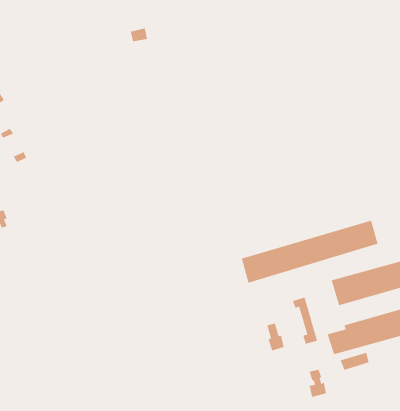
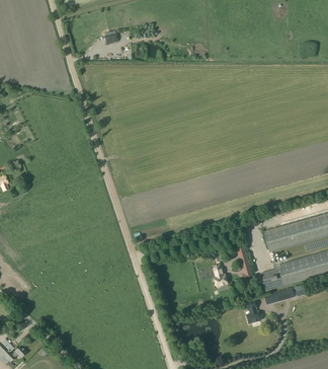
building: [241,220,378,284] -> none

